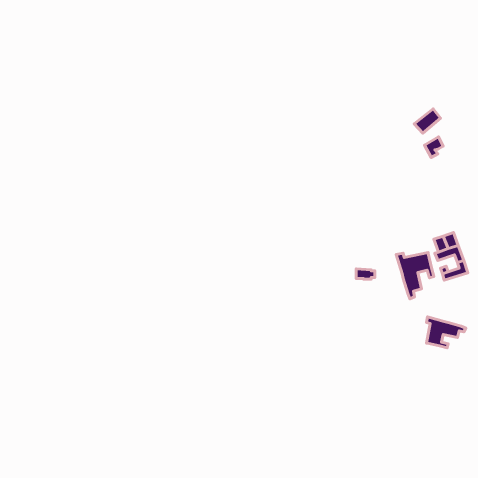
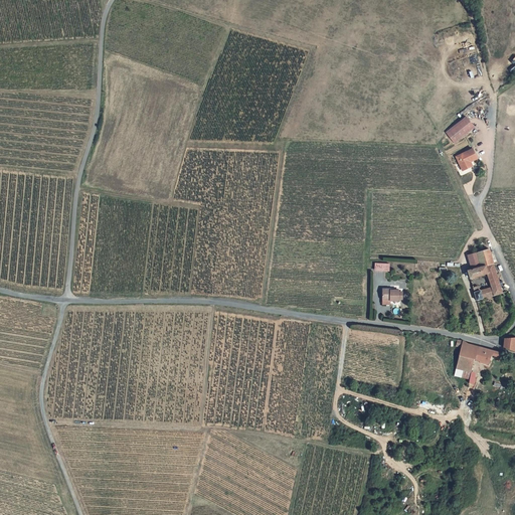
building: [396,253,434,299] -> none

